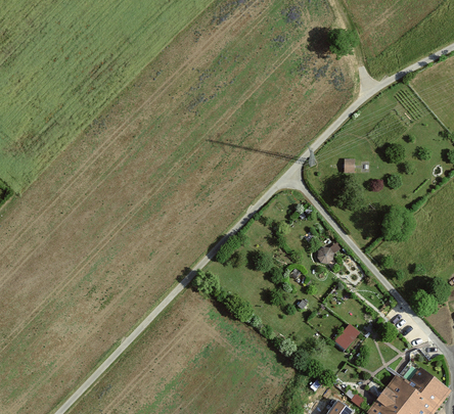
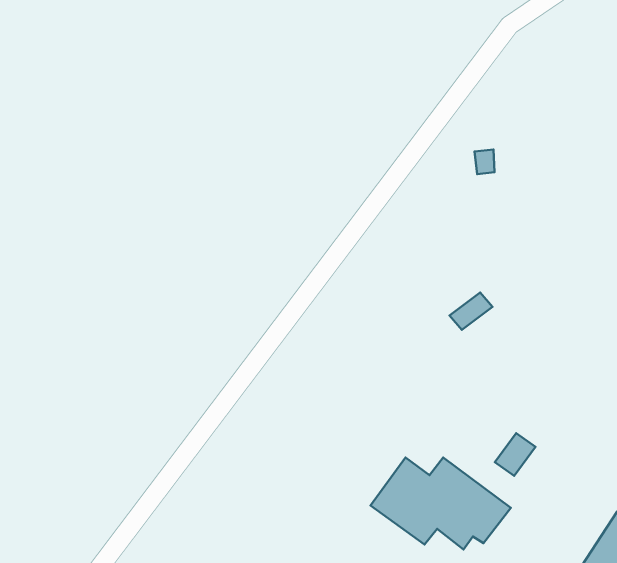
building: none -> [370,457,511,550]

